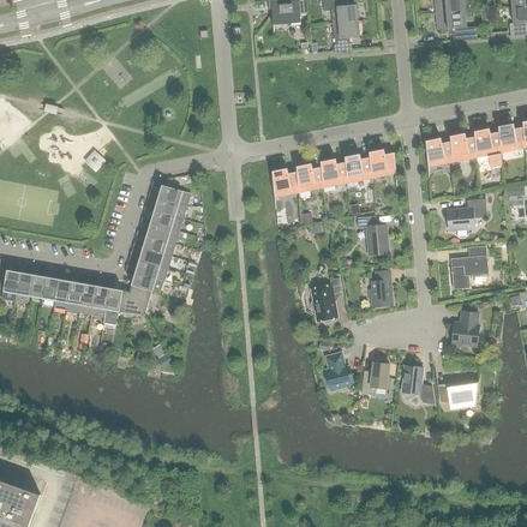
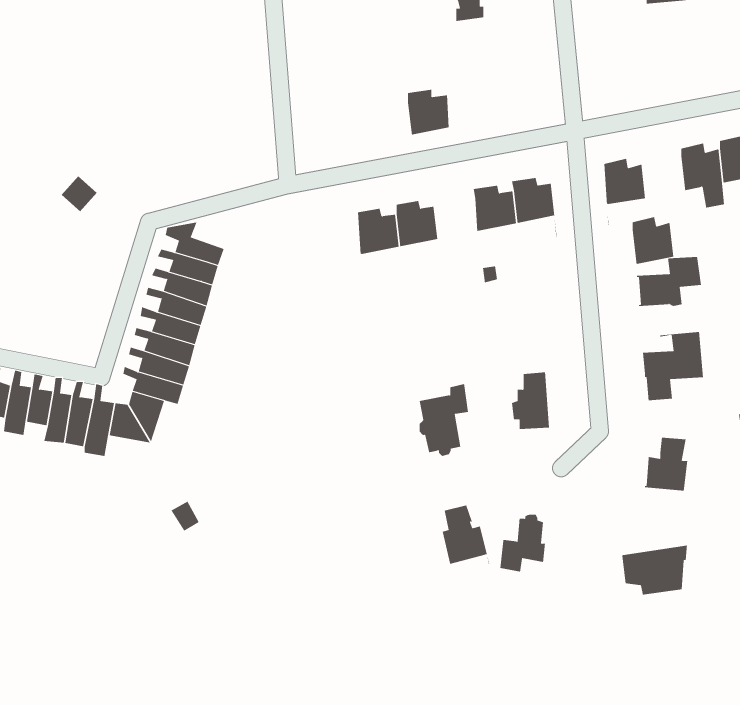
building: [450,132,477,162] -> [632,216,674,265]
building: [321,158,347,187] -> [407,89,450,135]
building: [358,216,388,254] -> none
building: [400,365,435,403] -> none

